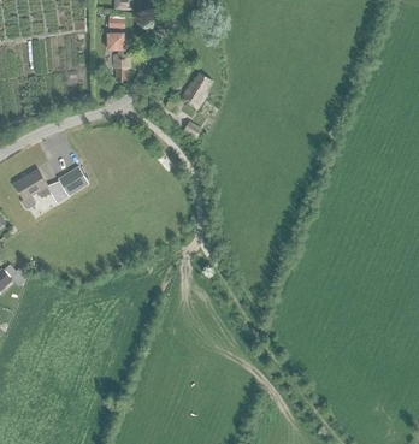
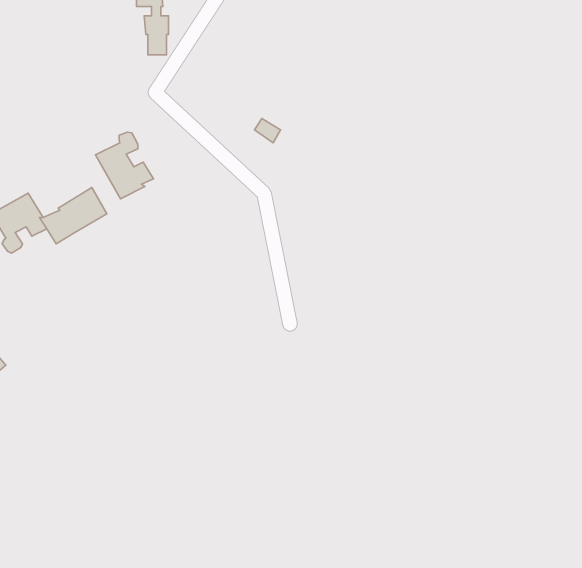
building: [179,71,211,107] -> none
building: none -> [95,132,153,199]

